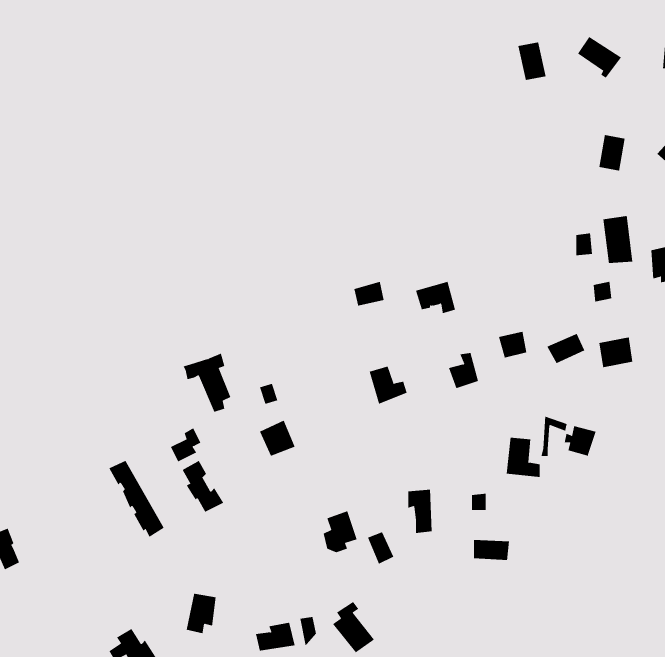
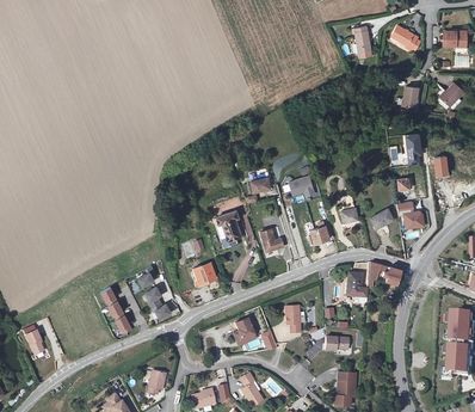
building: [183,353,231,413] -> [212,209,242,246]
building: none -> [332,370,353,404]

